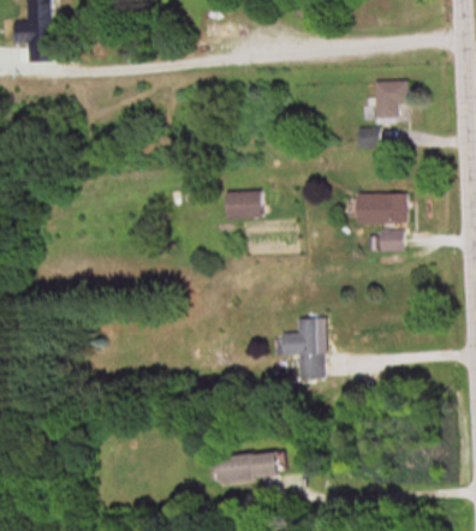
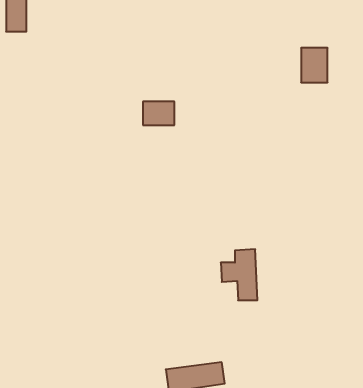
building: [225,191,262,219] -> [143,102,174,125]
building: [356,192,406,251] -> none

